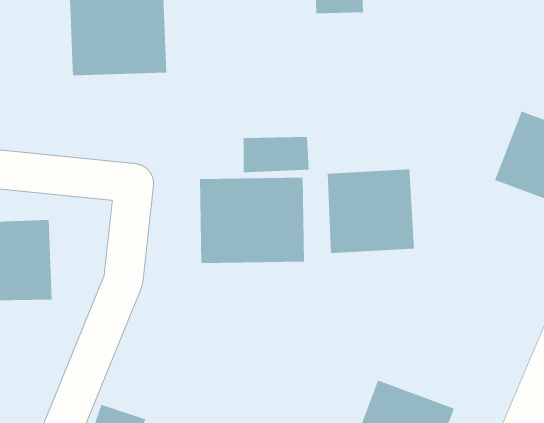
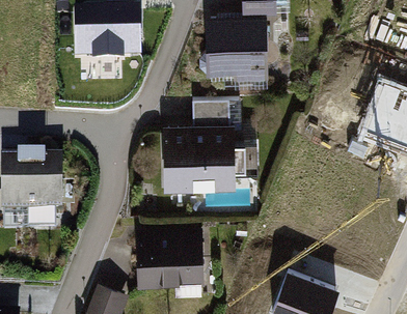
building: [327,169,415,254] -> [207,20,267,78]
building: none -> [136,229,201,285]

